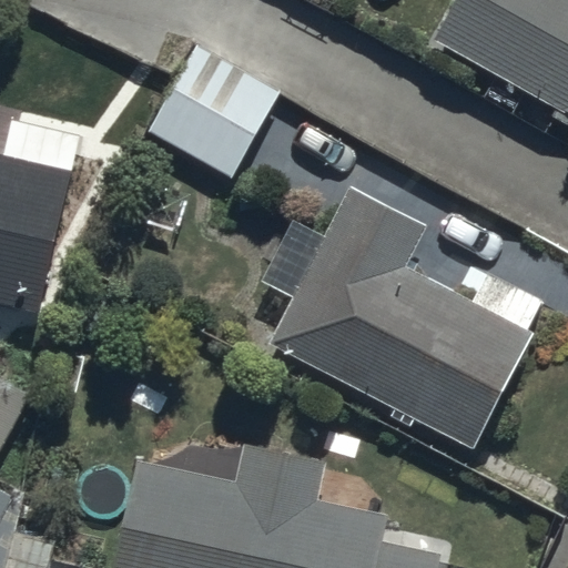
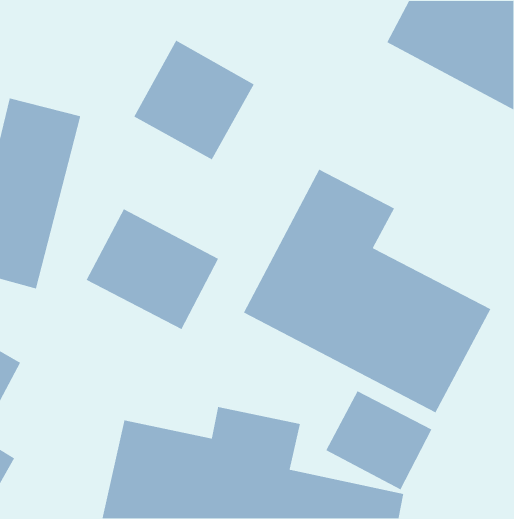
building: none -> [86,208,219,330]
building: none -> [325,390,432,491]

